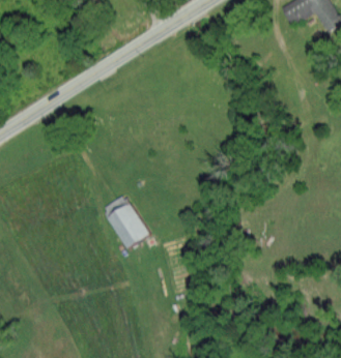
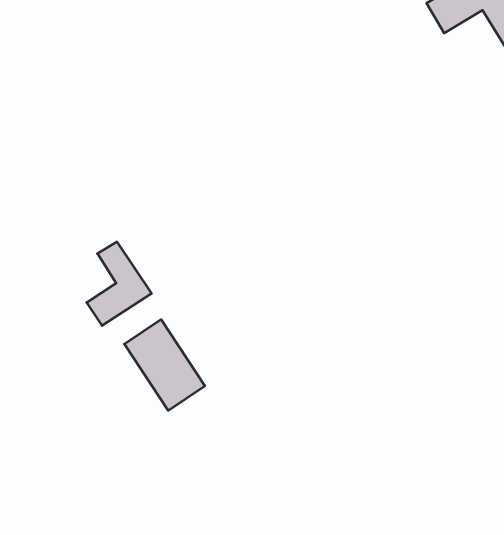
building: none -> [87,242,151,326]

